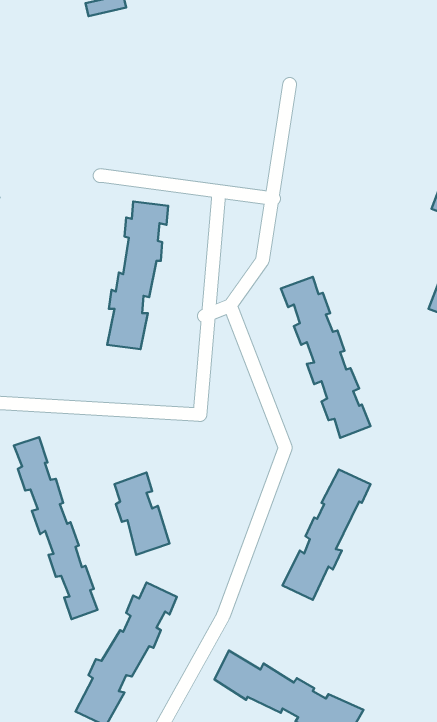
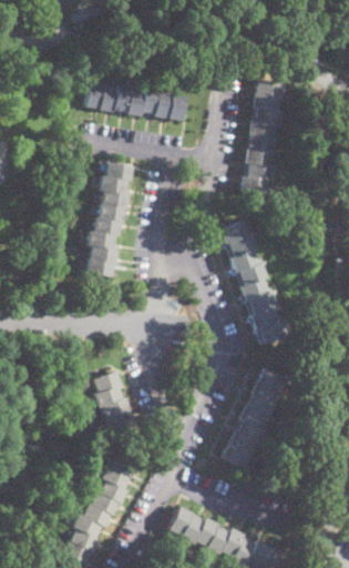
building: none -> [240,80,284,194]
building: none -> [86,81,187,121]
building: [14,437,98,619] -> none

